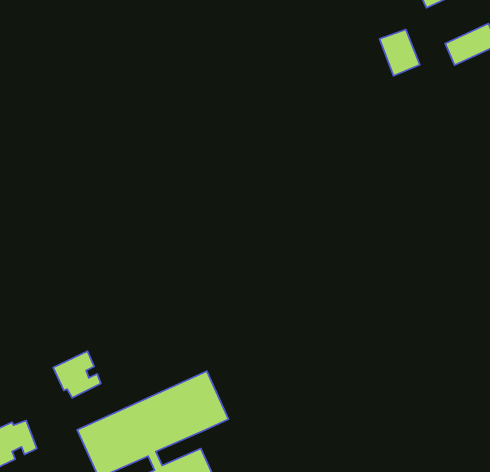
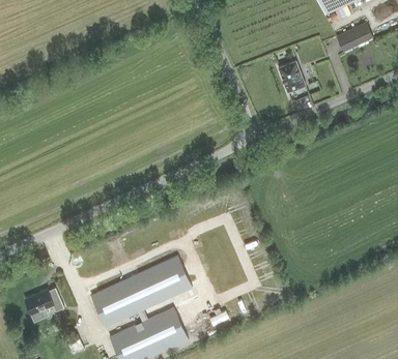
building: [380,29,420,76] -> [278,60,305,91]
building: [53,351,101,398] -> none

